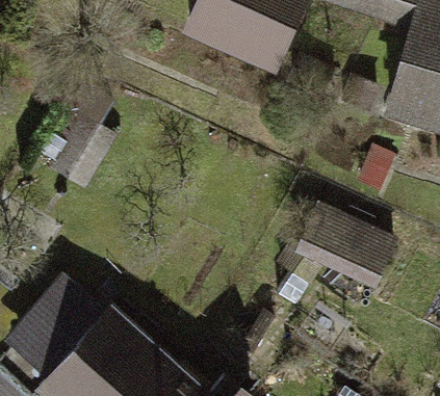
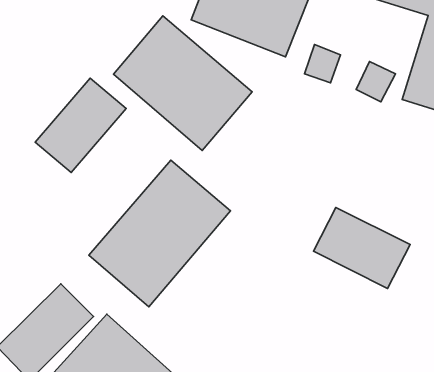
building: none -> [113,16,252,151]
building: none -> [89,160,230,307]

